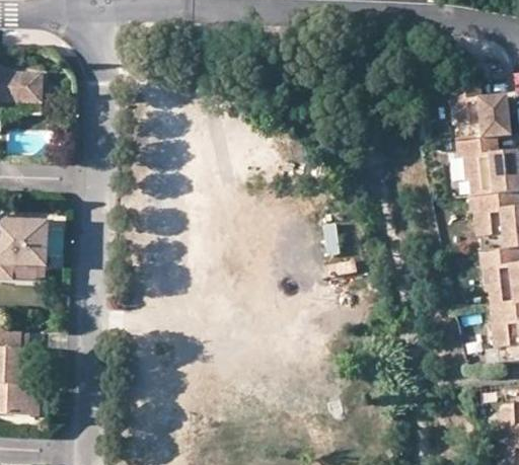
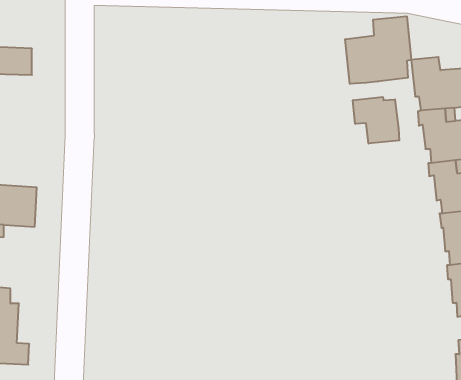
building: none -> [345,16,411,84]
building: none -> [353,97,399,144]

